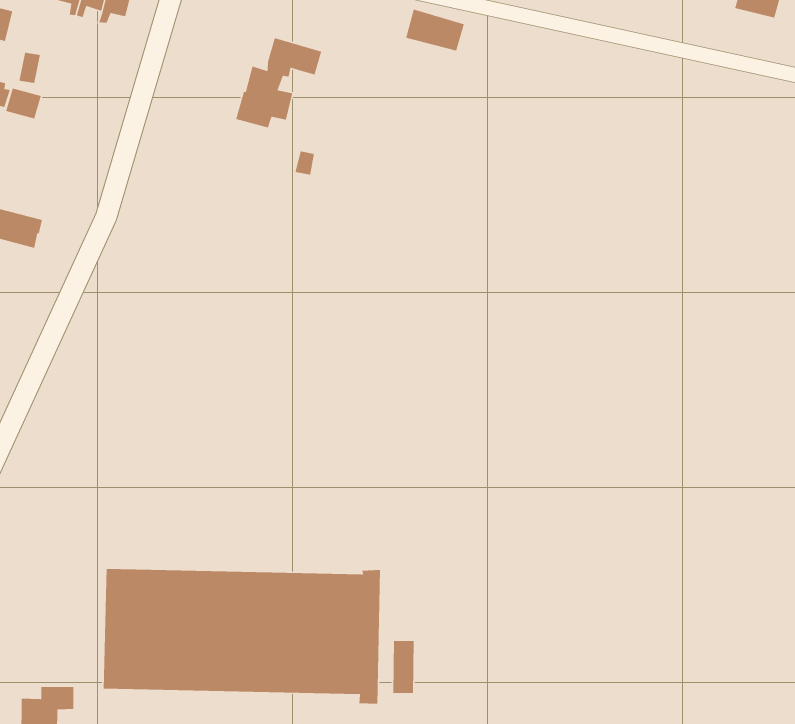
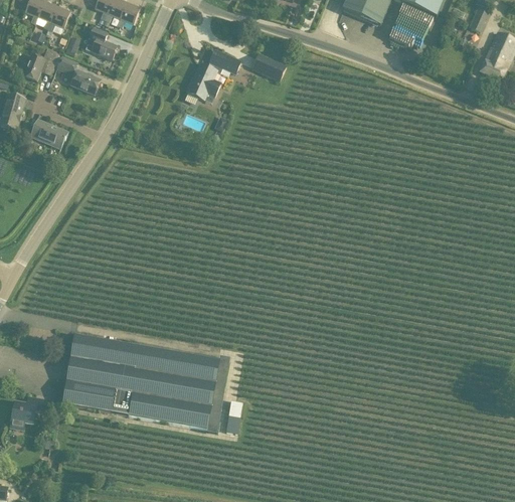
building: [405,8,465,52] -> [250,53,286,81]
building: none -> [84,27,116,60]
building: none -> [70,71,99,95]

